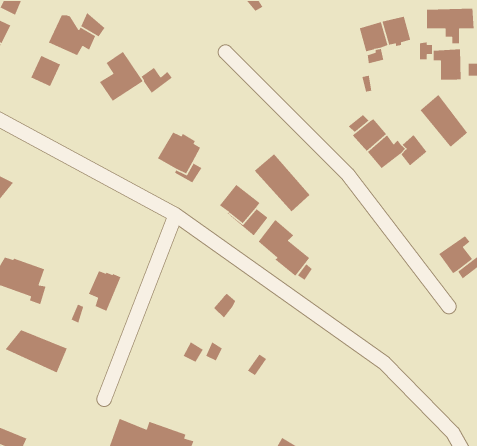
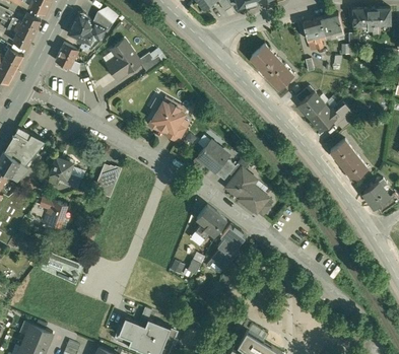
building: [433,49,462,81] -> none
building: [420,94,468,148] -> [330,140,367,181]
building: [254,153,310,212] -> [250,45,292,89]
building: none -> [49,157,80,187]
building: [88,270,122,312] -> [95,165,121,197]
building: none -> [197,206,225,233]
building: none -> [211,224,246,267]

